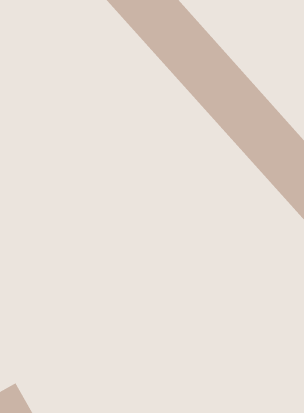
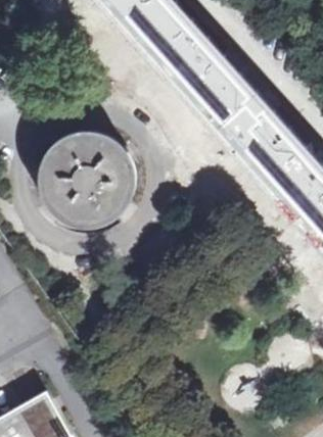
building: none -> [45,138,129,221]

